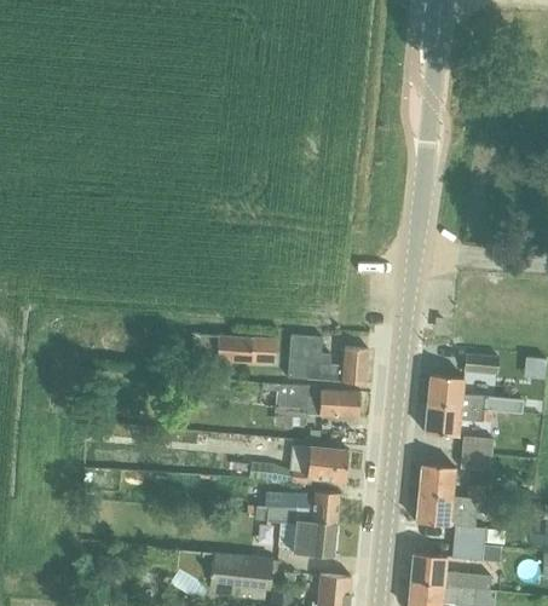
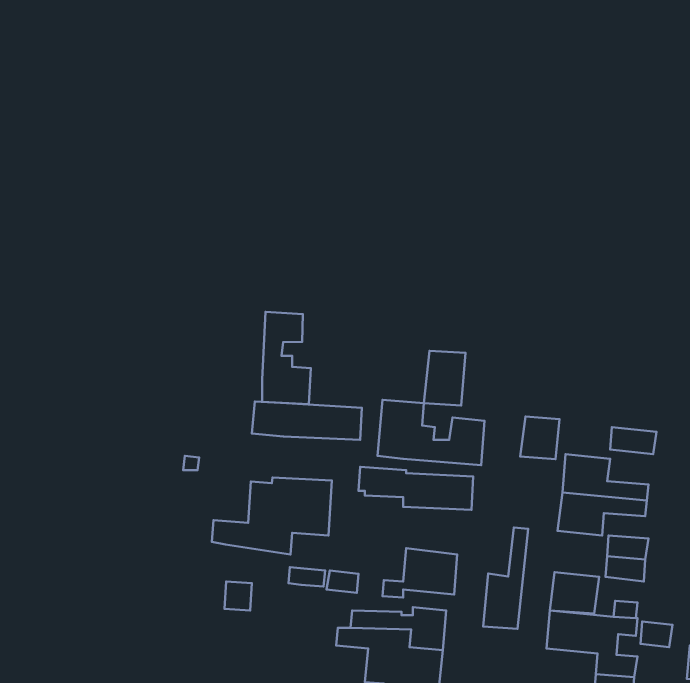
building: none -> [262,312,311,404]
building: none -> [424,351,466,405]
building: none -> [520,417,559,459]
building: none -> [212,477,332,554]
building: none -> [483,527,528,629]

